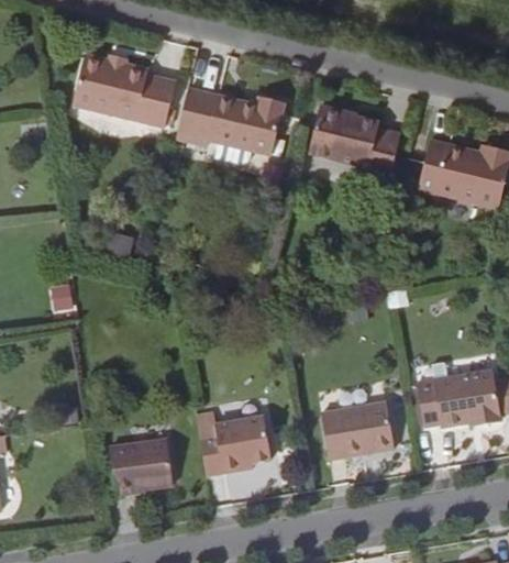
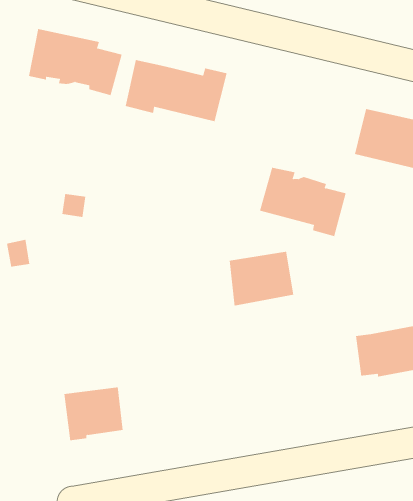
building: [308,106,400,179] -> [259,167,346,237]
building: [327,400,396,459] -> [229,251,294,306]
building: [200,415,272,474] -> none

